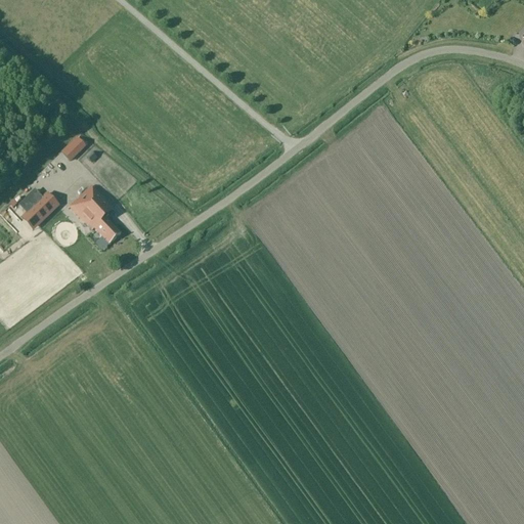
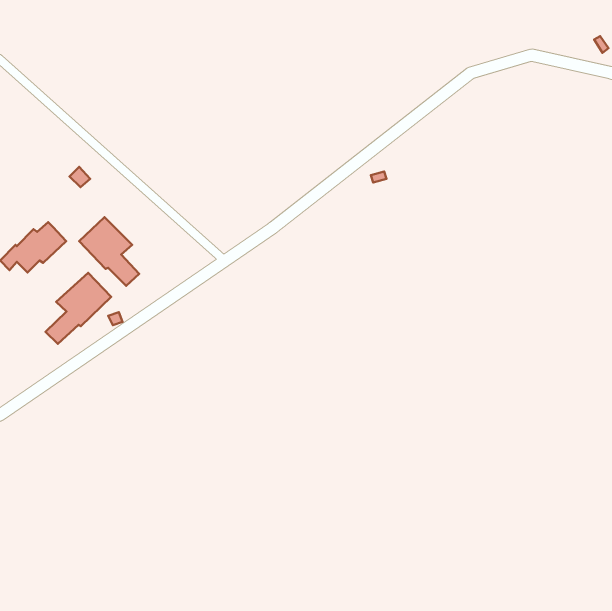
building: none -> [45,273,111,344]

